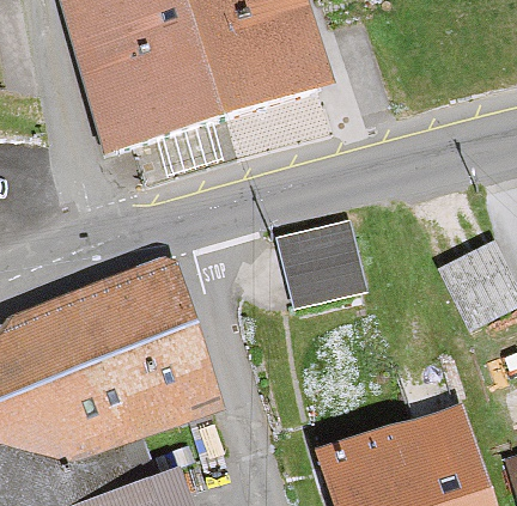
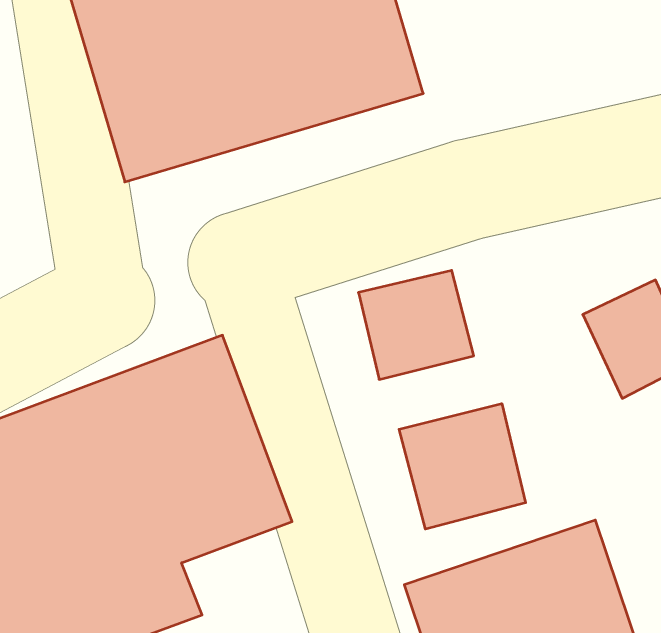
building: none -> [399,404,526,529]

